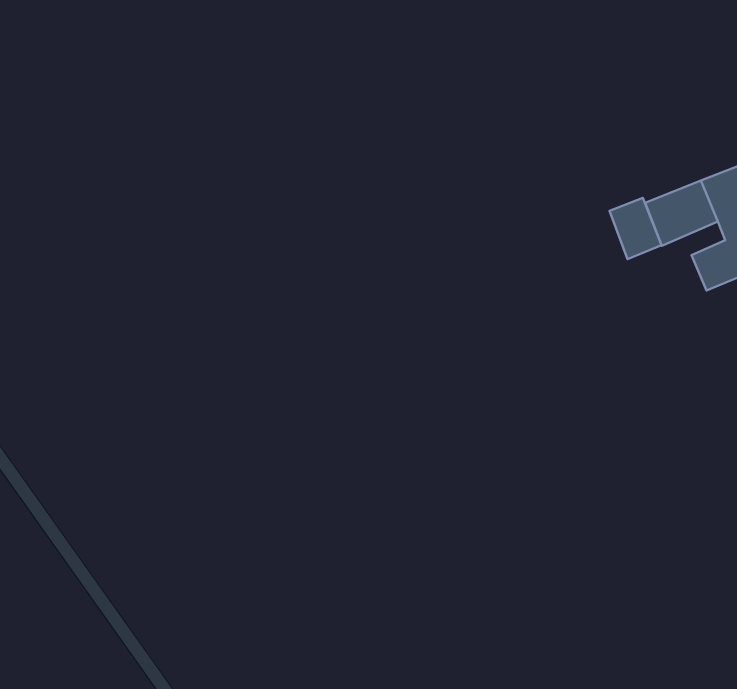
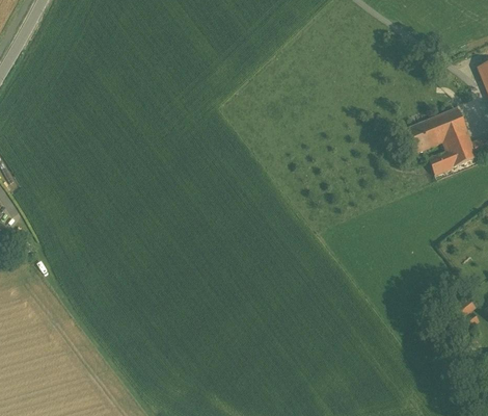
building: [610,198,662,259] -> none

